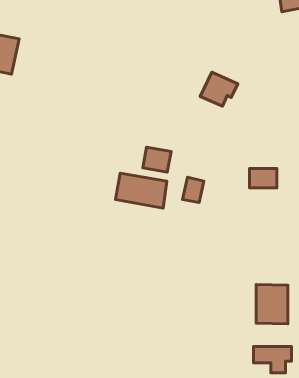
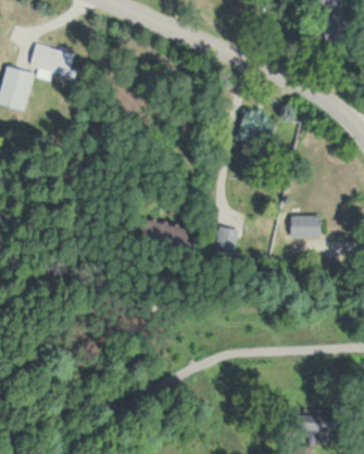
building: none -> [29,41,75,77]
building: [143,147,171,172] -> none
building: [256,285,288,324] -> none

